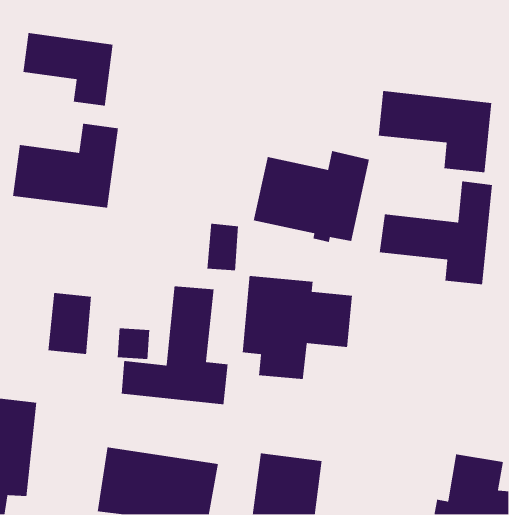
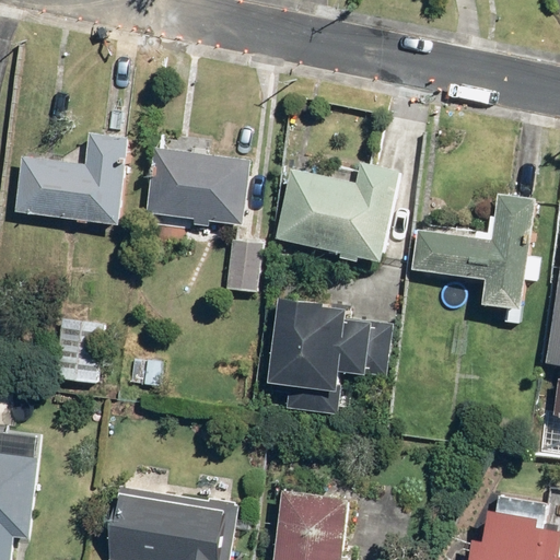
building: [22,32,114,107] -> none
building: [378,90,492,173] -> none
building: none -> [143,138,248,225]
building: [121,285,229,405] -> none

